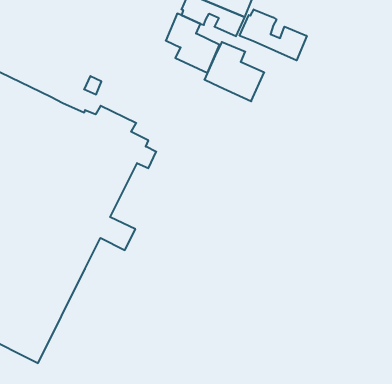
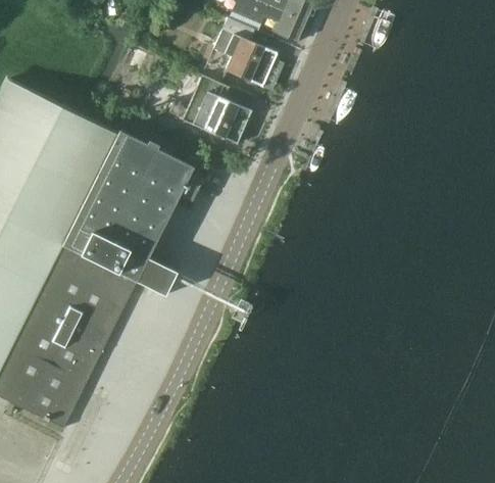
building: [240,9,307,60] -> none
building: [204,42,264,101] -> [182,76,252,145]

